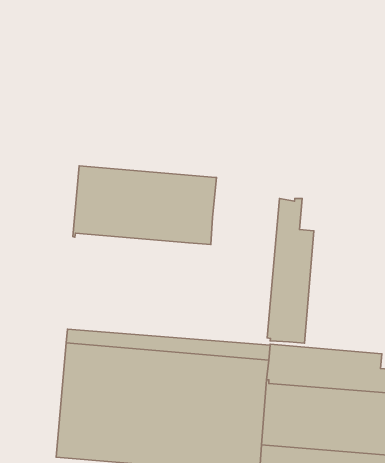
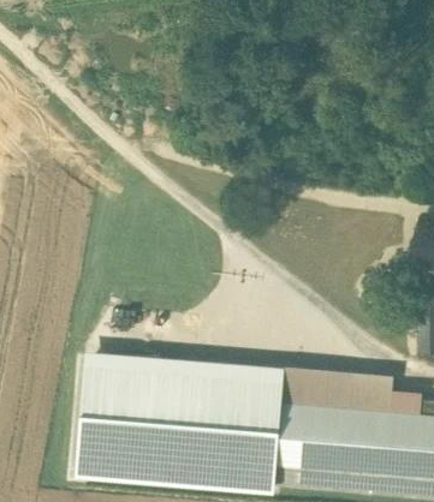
building: [73,166,216,244] -> none
building: [267,198,314,343] -> none

